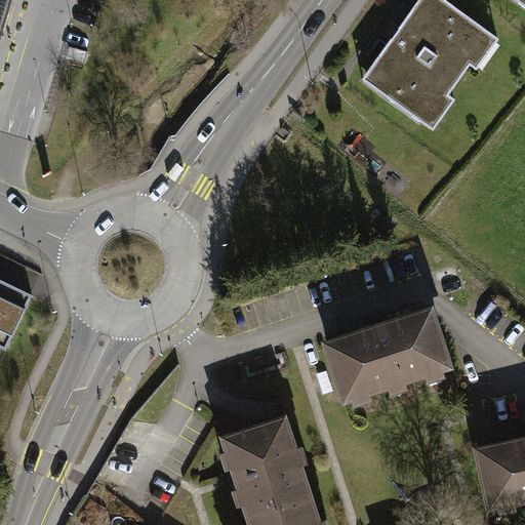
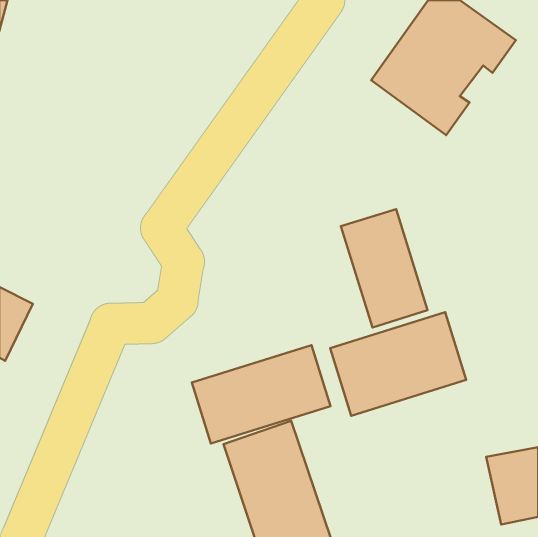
building: none -> [341,209,428,327]
building: none -> [192,345,331,443]

